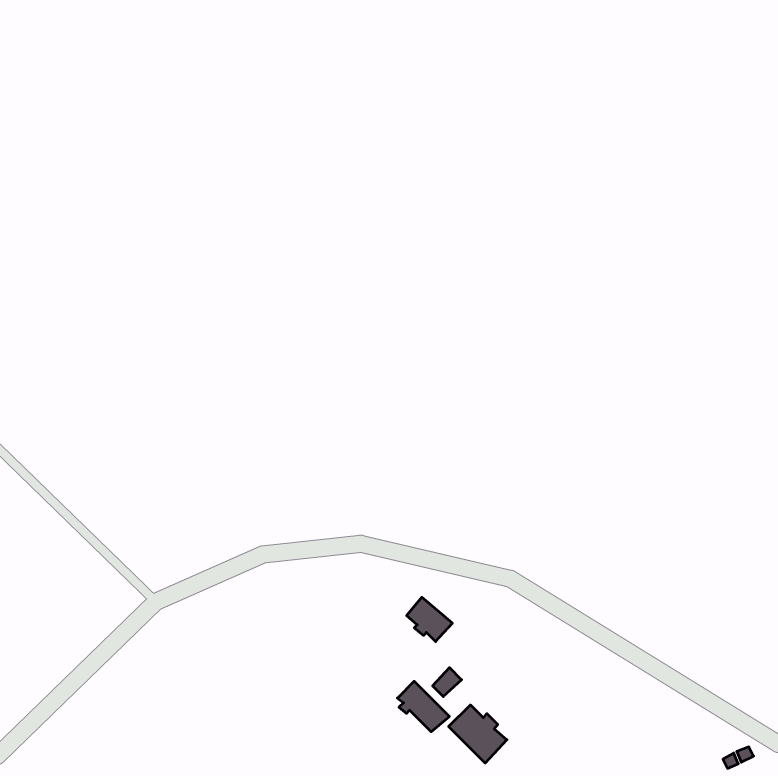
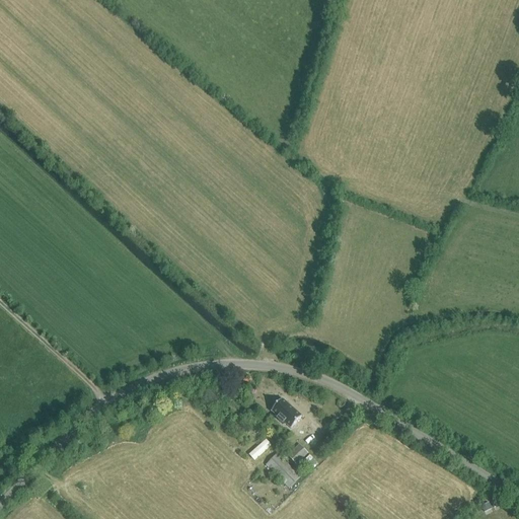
building: [449,705,507,763] -> none

